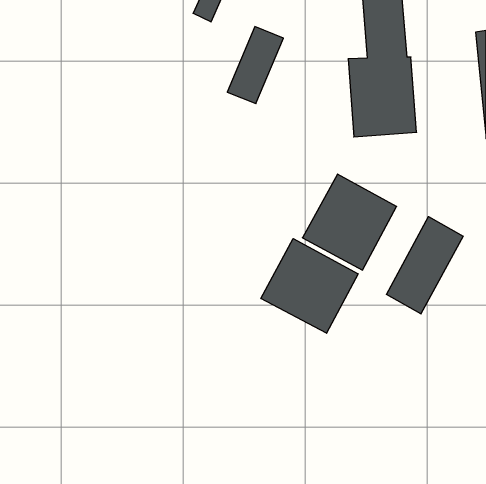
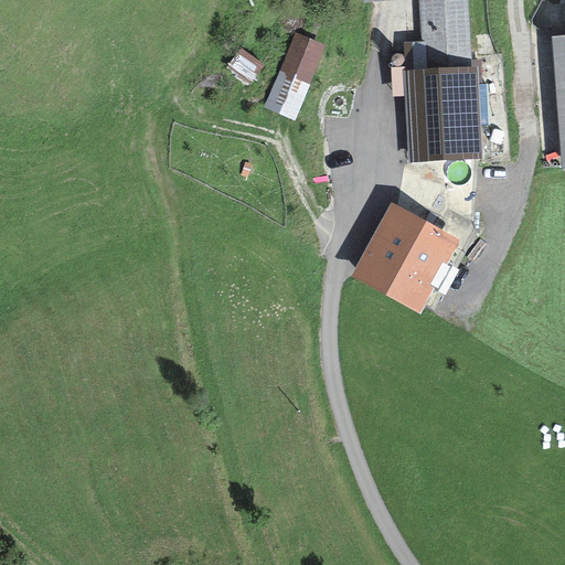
building: [386,217,463,314] -> none
building: [261,239,358,333] -> none

